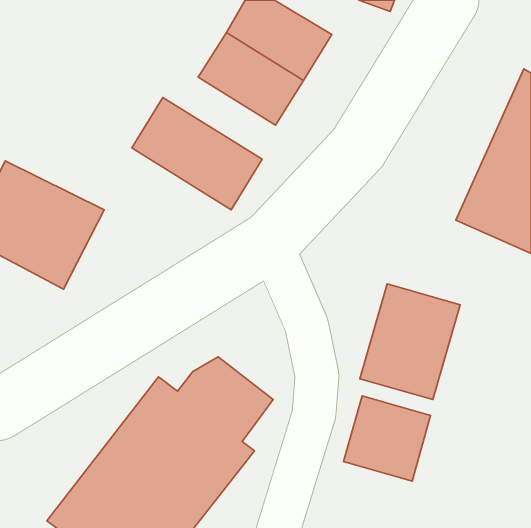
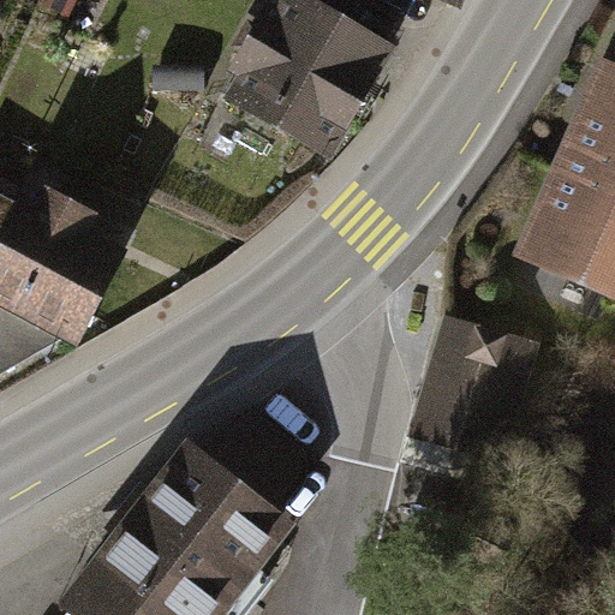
building: [132,97,262,210] -> none
building: [343,396,431,481] -> none

